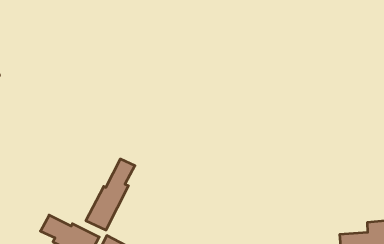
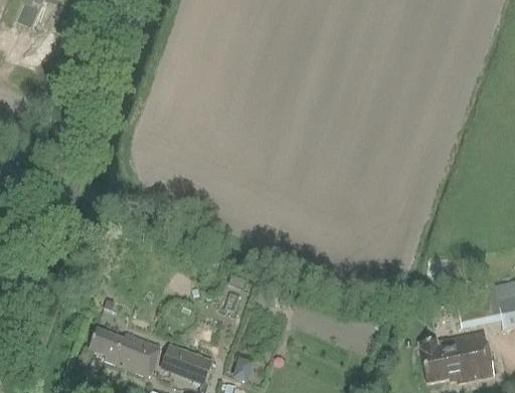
building: [86,159,135,230] -> none

